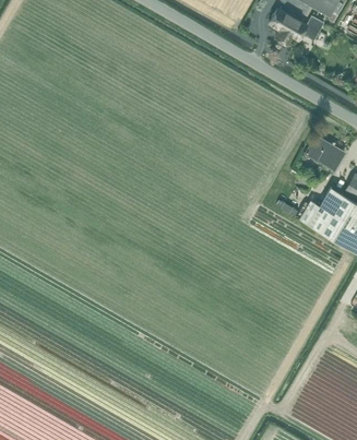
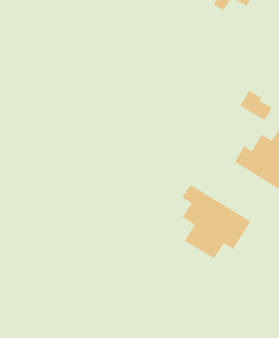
building: none -> [182,184,251,259]

